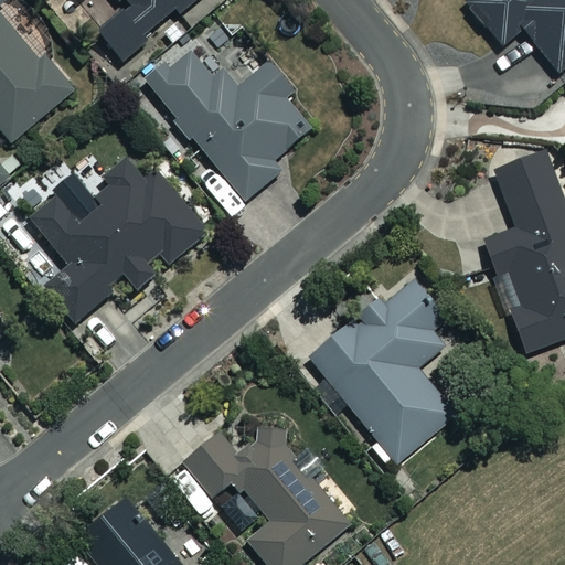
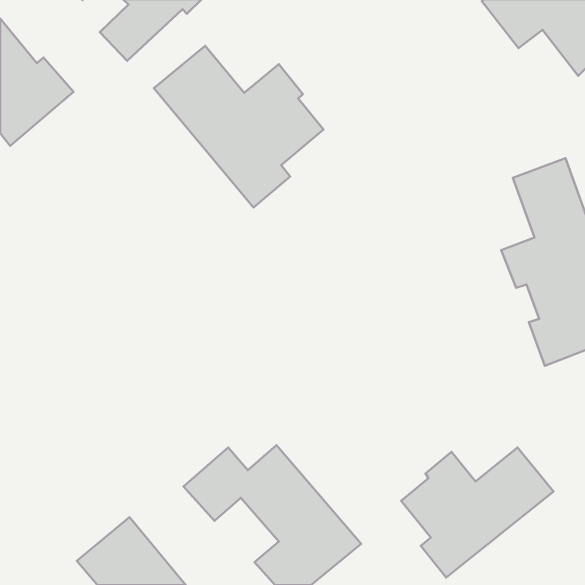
building: [26,162,209,322] -> none
building: [309,279,456,467] -> none
building: none -> [401,448,553,578]

